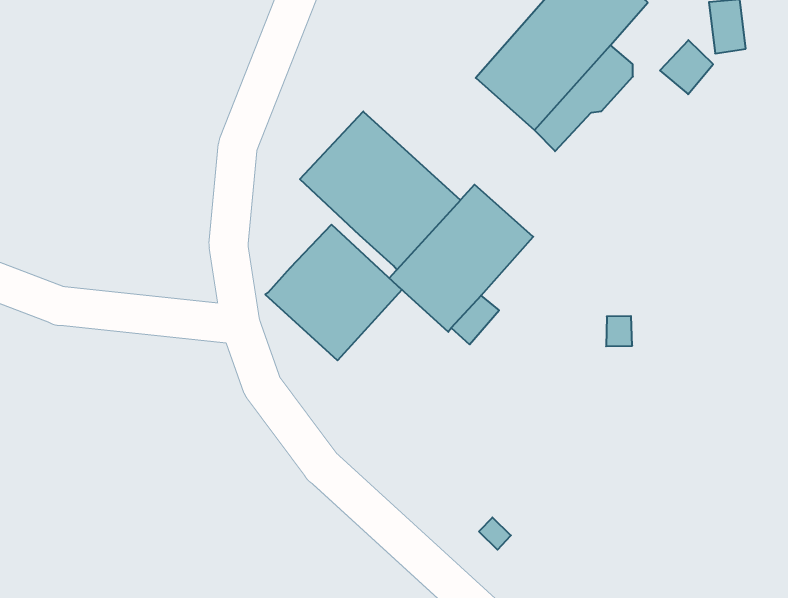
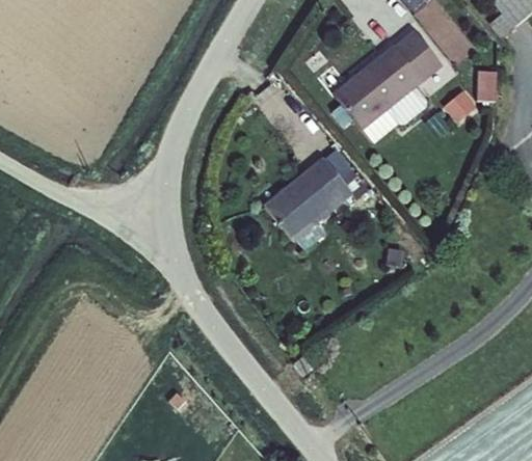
building: [300,111,460,270] -> none
building: [265,225,402,360] -> none

